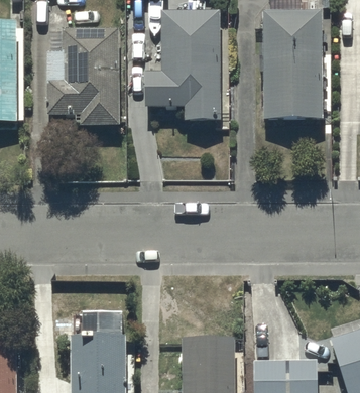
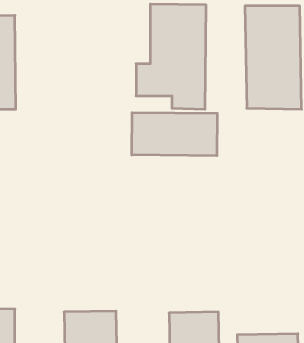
building: [47,27,120,126] -> none
building: none -> [132,113,217,156]

